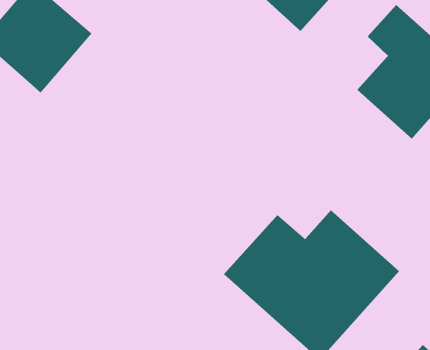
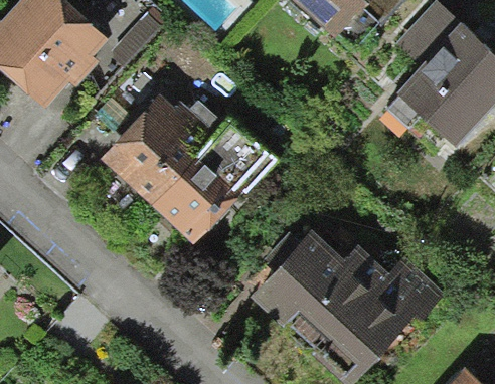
building: none -> [106,82,263,236]

